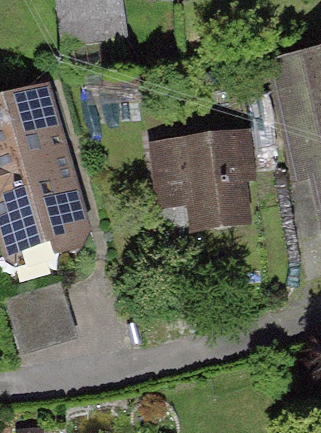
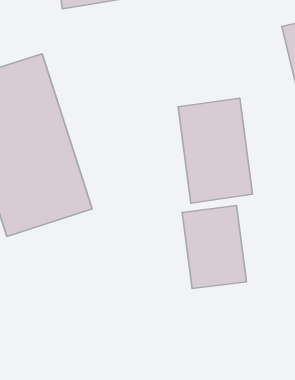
building: none -> [182,206,246,289]

